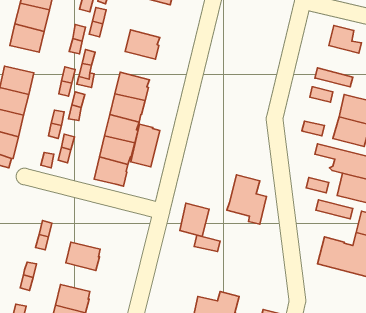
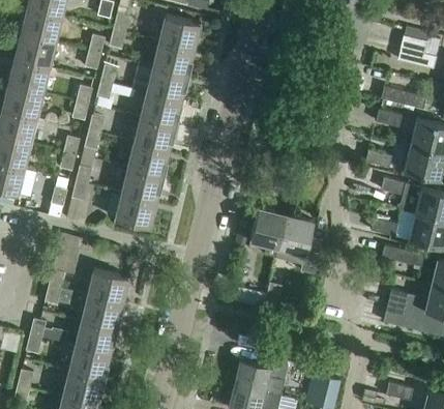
building: none -> [158,14,200,50]
building: none -> [7,59,49,92]
building: none -> [146,66,188,100]
building: [131,124,160,167] -> none
building: [180,203,209,237] -> [250,207,286,247]
building: none -> [87,268,129,303]
building: none -> [75,320,117,354]

